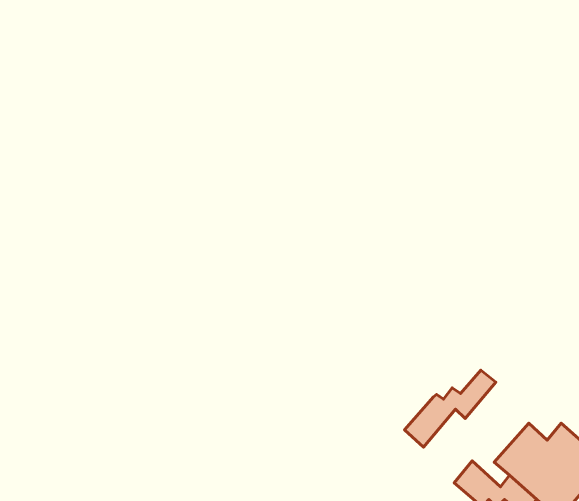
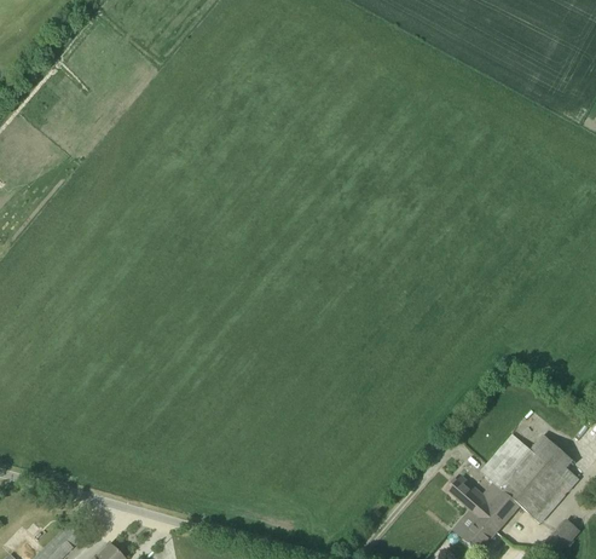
building: [405,370,496,447] -> none

